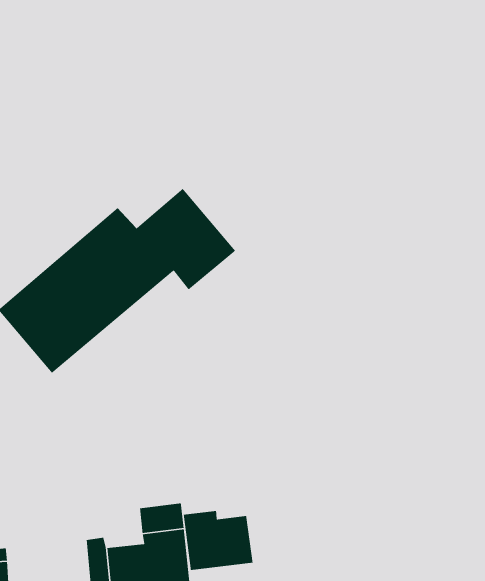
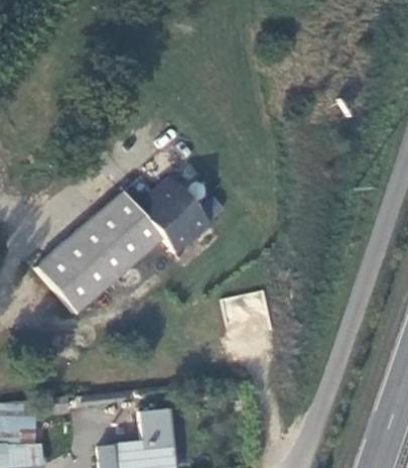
building: none -> [225,290,273,353]
building: [183,510,253,571] -> none

